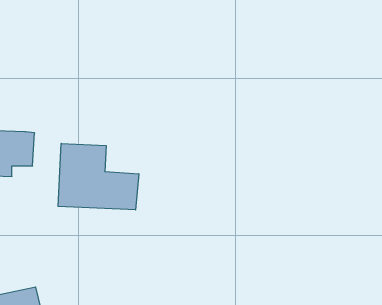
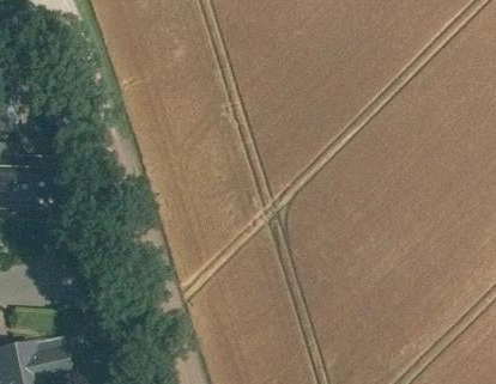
building: [58,143,139,210] -> none

